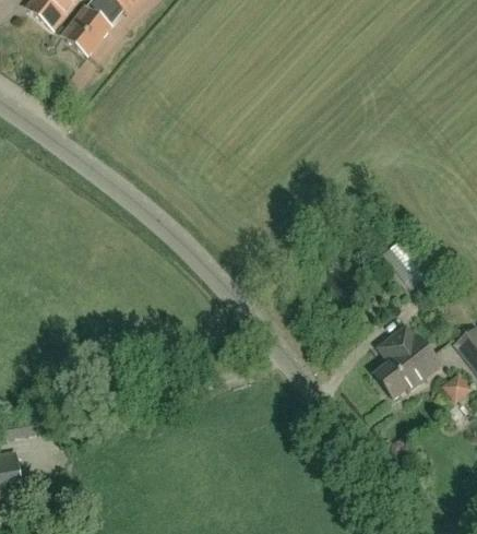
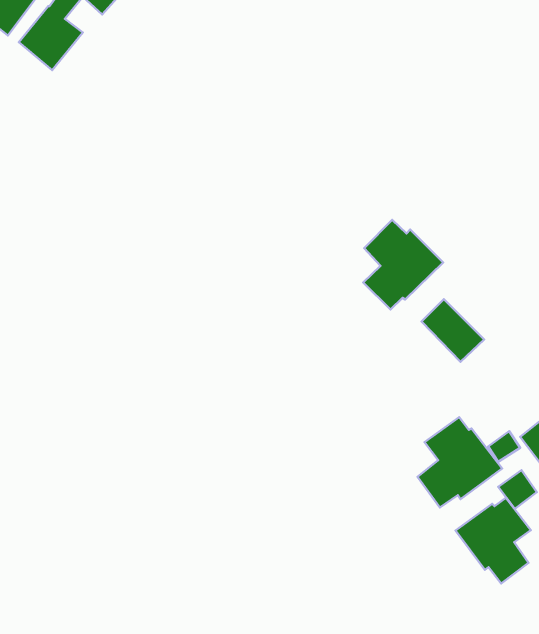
building: none -> [363,220,443,309]
building: none -> [455,498,531,583]

